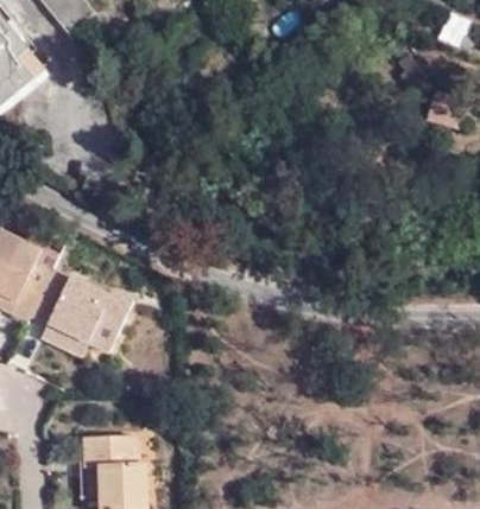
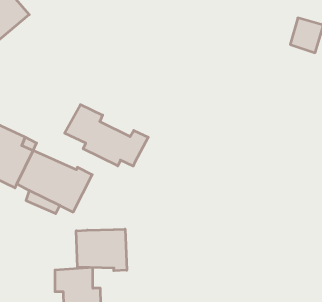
building: none -> [65,105,148,166]
building: none -> [76,229,127,271]

